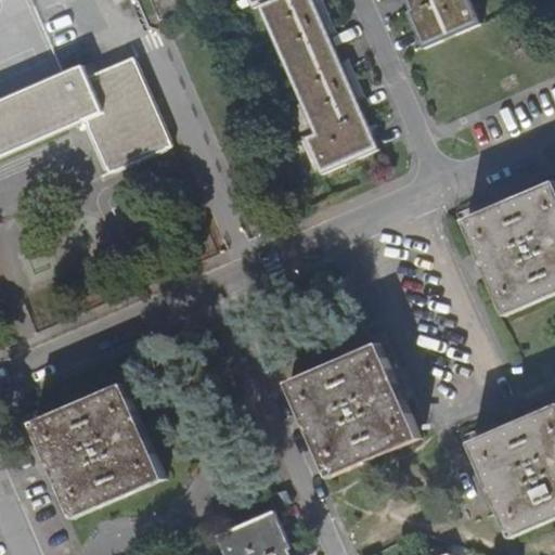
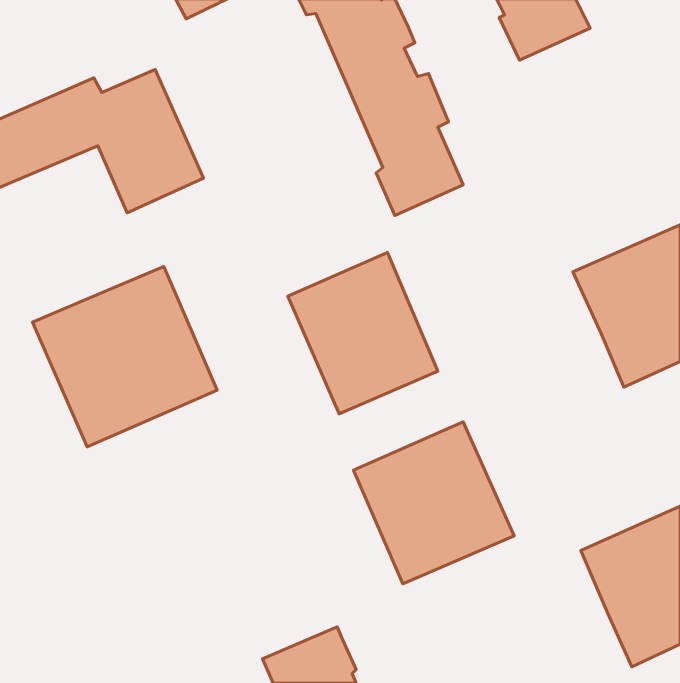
building: none -> [288,252,438,414]
building: none -> [33,267,217,447]
building: [35,382,166,514] -> none

